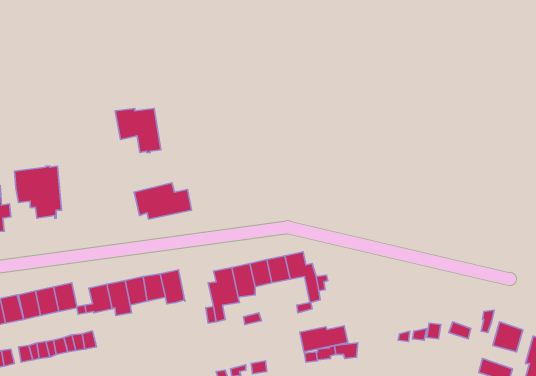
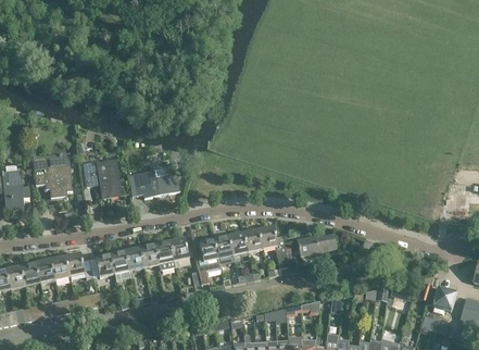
building: [115,108,161,153] -> [83,160,121,197]
building: none -> [169,237,190,266]
building: [300,326,348,352] -> [297,234,337,255]

